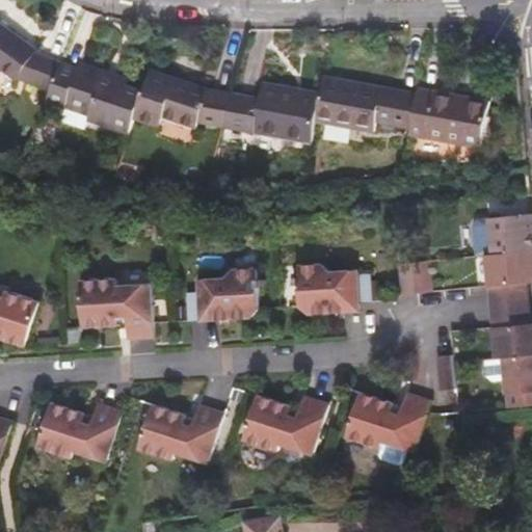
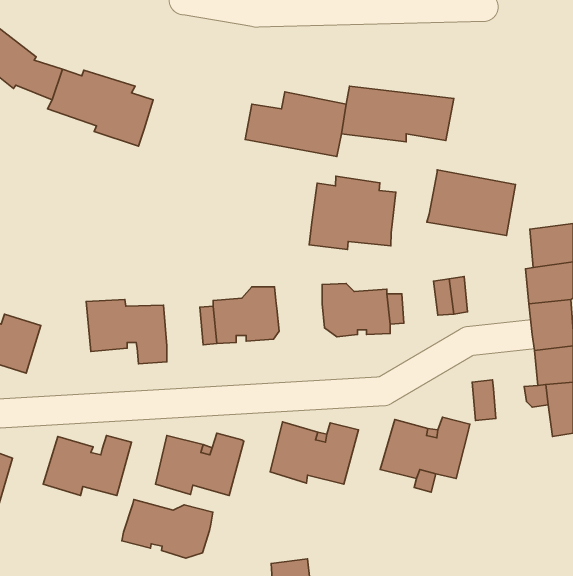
building: [132,75,231,131] -> none
building: [406,91,487,152] -> [427,170,515,236]
building: none -> [309,176,396,249]
building: none -> [122,499,213,558]

